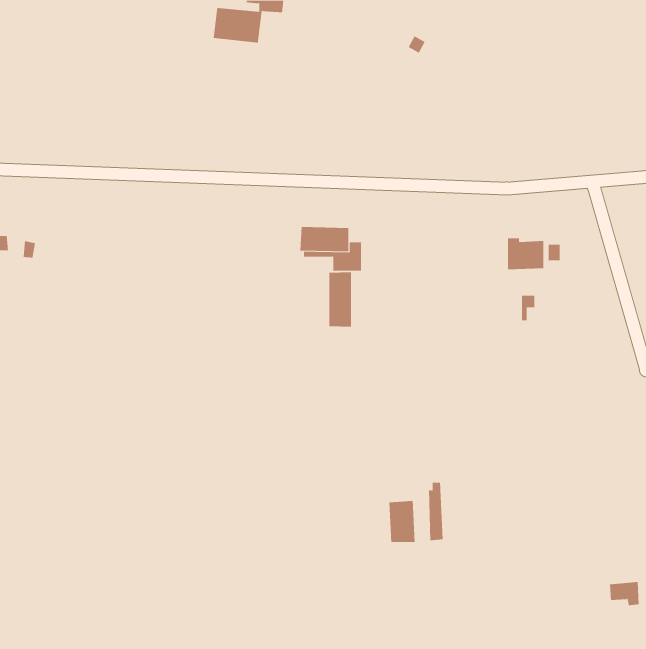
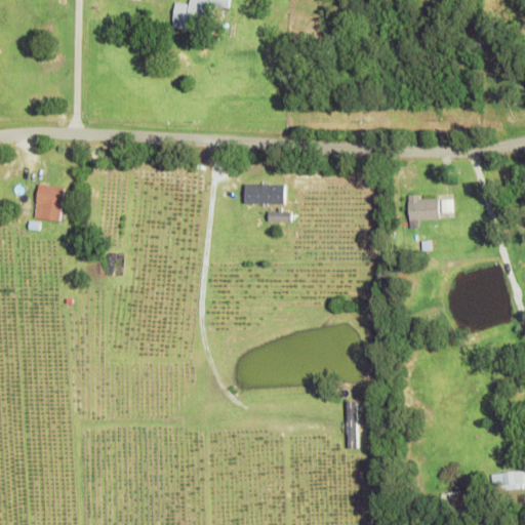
building: none -> [34,183,64,218]
building: [329,272,352,328] -> none
building: [389,500,415,543] -> none

